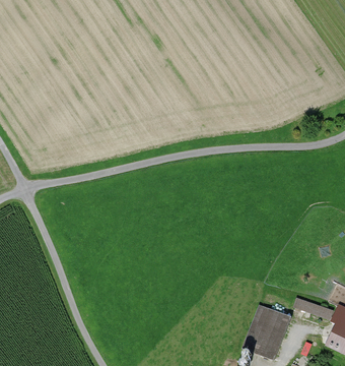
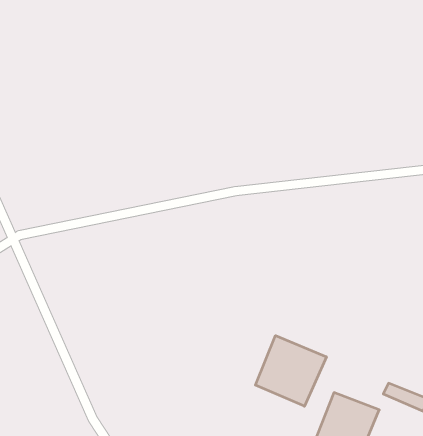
building: none -> [255,336,326,406]

